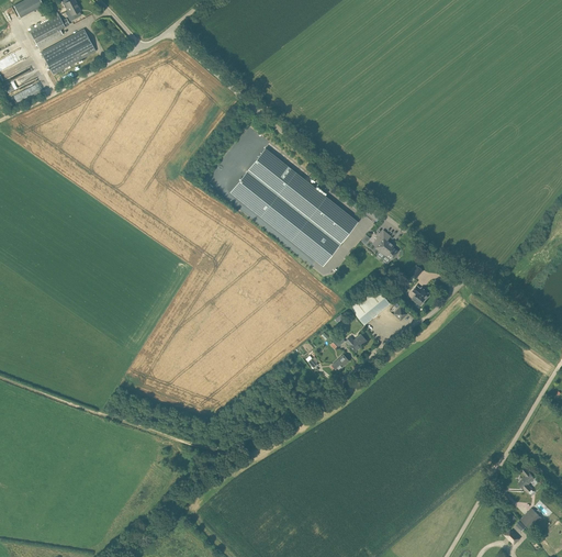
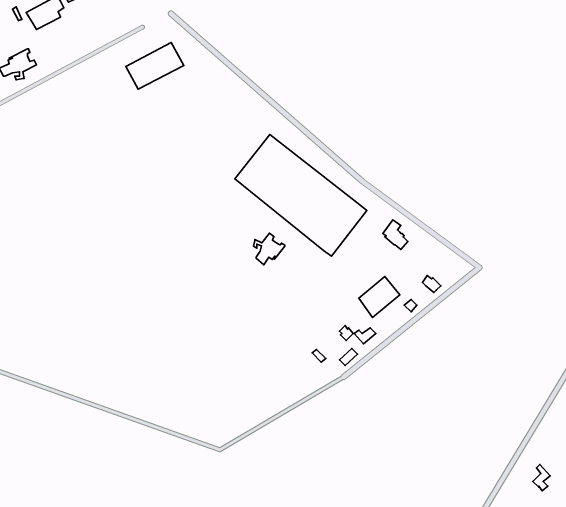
building: [41,29,97,74] -> [126,43,184,89]
building: none -> [253,233,285,265]

